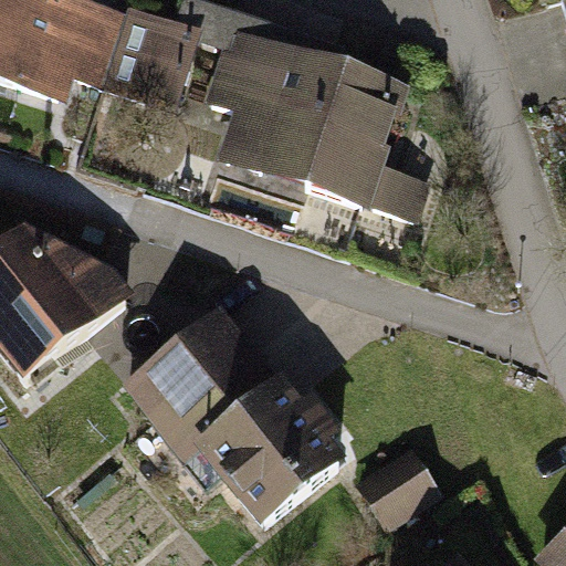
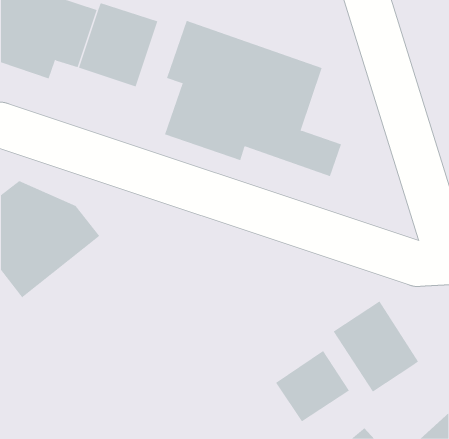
building: [129,313,338,517] -> none
building: none -> [333,301,419,392]

